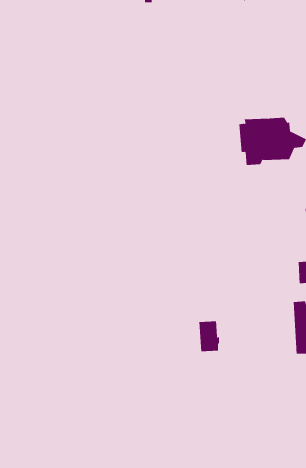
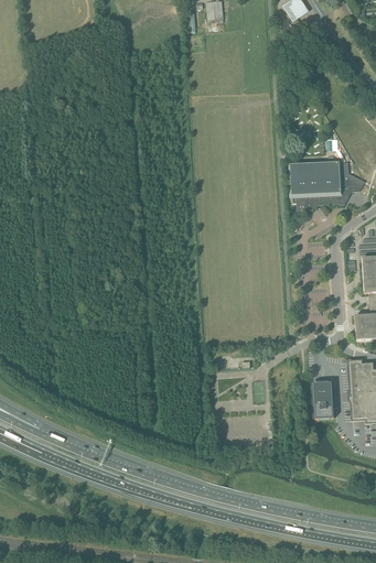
building: [199,321,220,352] -> [311,383,334,418]

